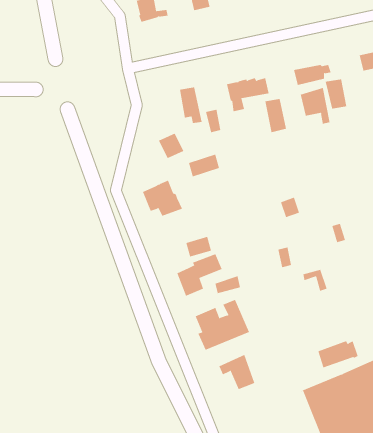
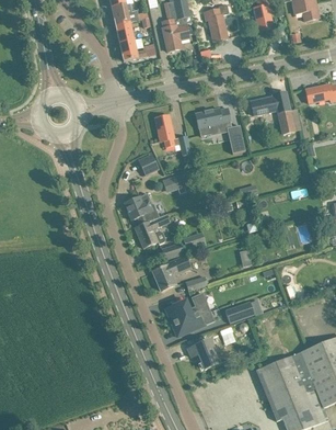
building: [300,87,330,124] -> none
building: none -> [135,214,171,248]
building: [318,341,358,368] -> [224,298,258,321]

